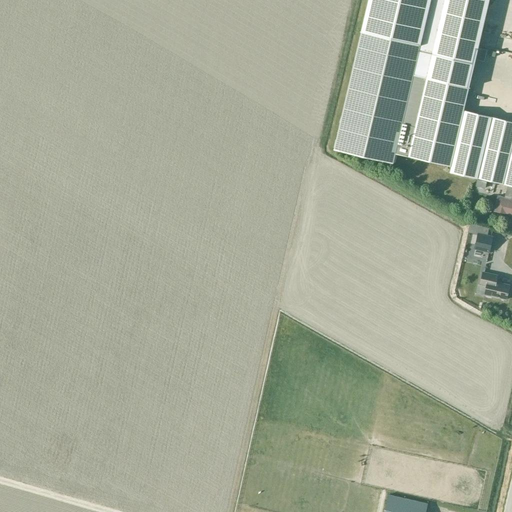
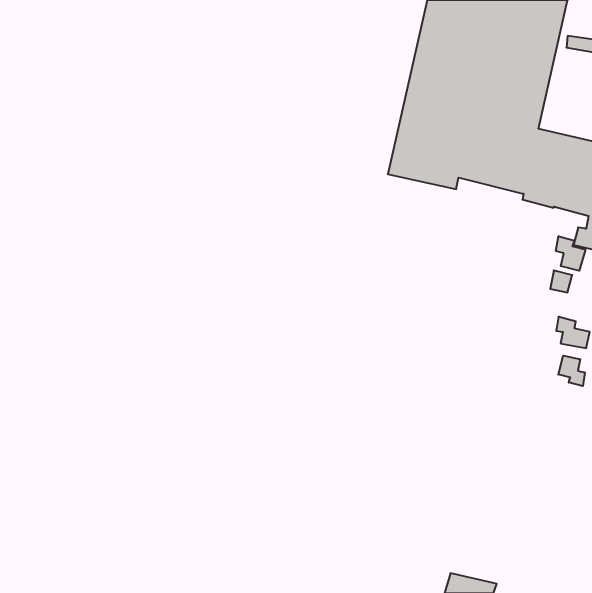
building: none -> [556,236,585,271]
building: none -> [558,356,585,386]

